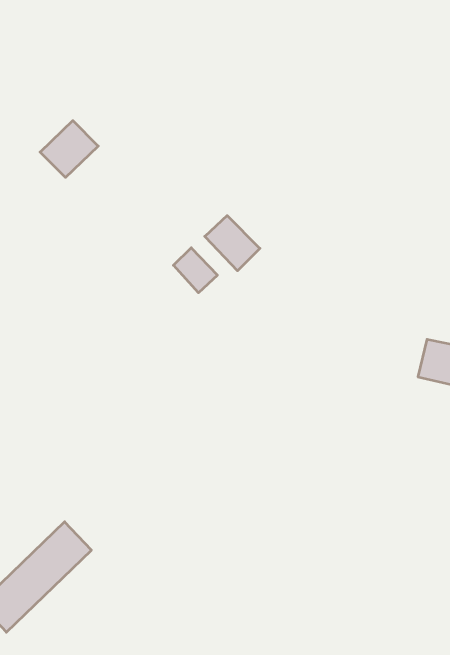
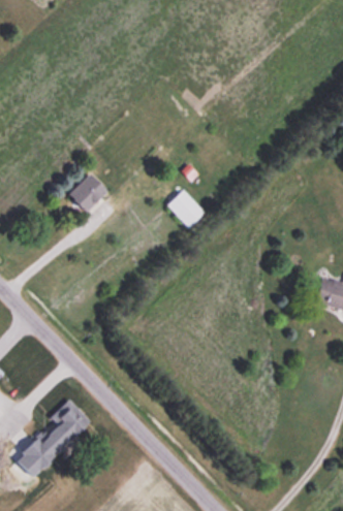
building: [40,121,98,177] -> [67,174,107,214]
building: [173,248,217,293] -> none

